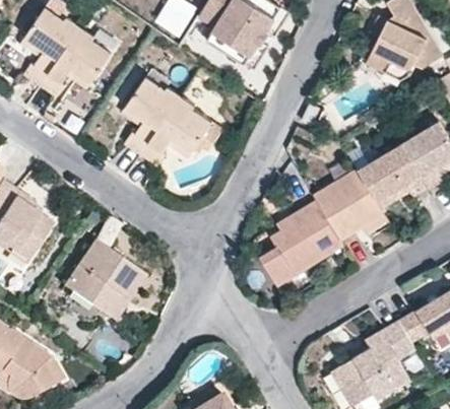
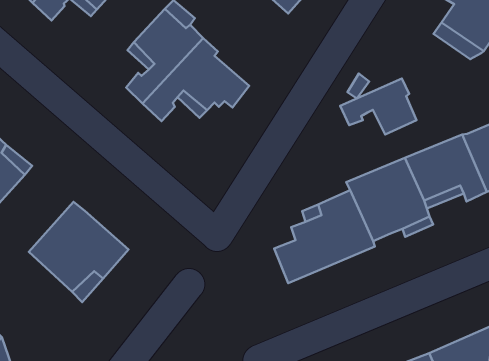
building: none -> [340,78,417,134]

